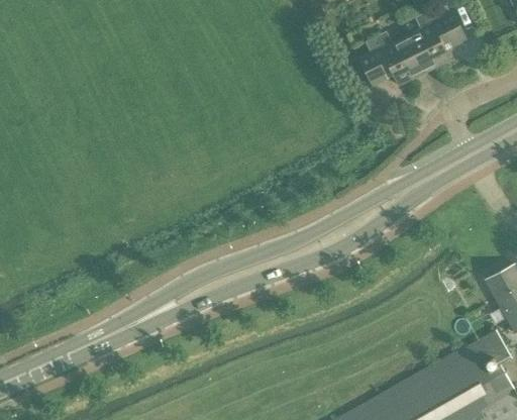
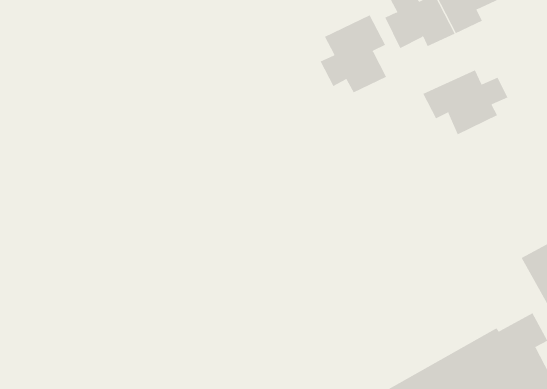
building: none -> [320,15,387,93]
building: none -> [423,69,508,135]

